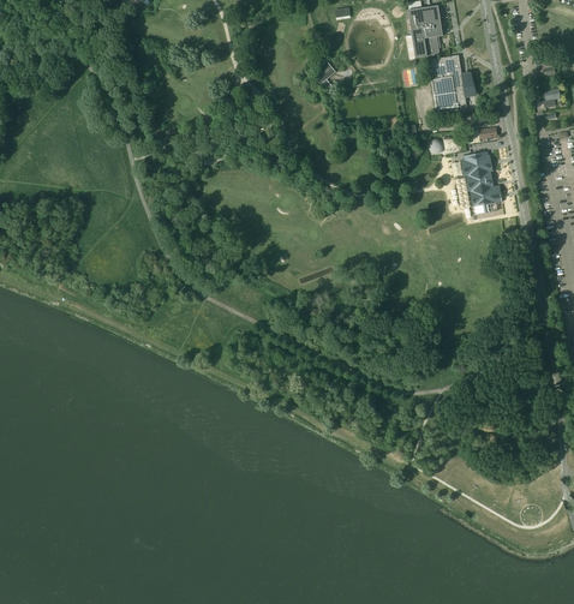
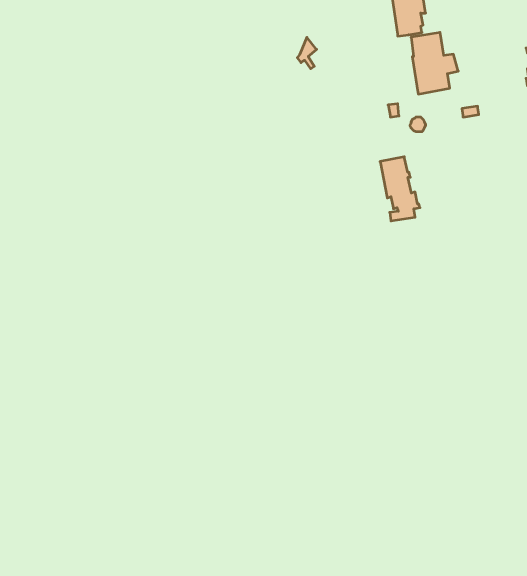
building: [462,150,502,214] -> [380,157,420,221]

